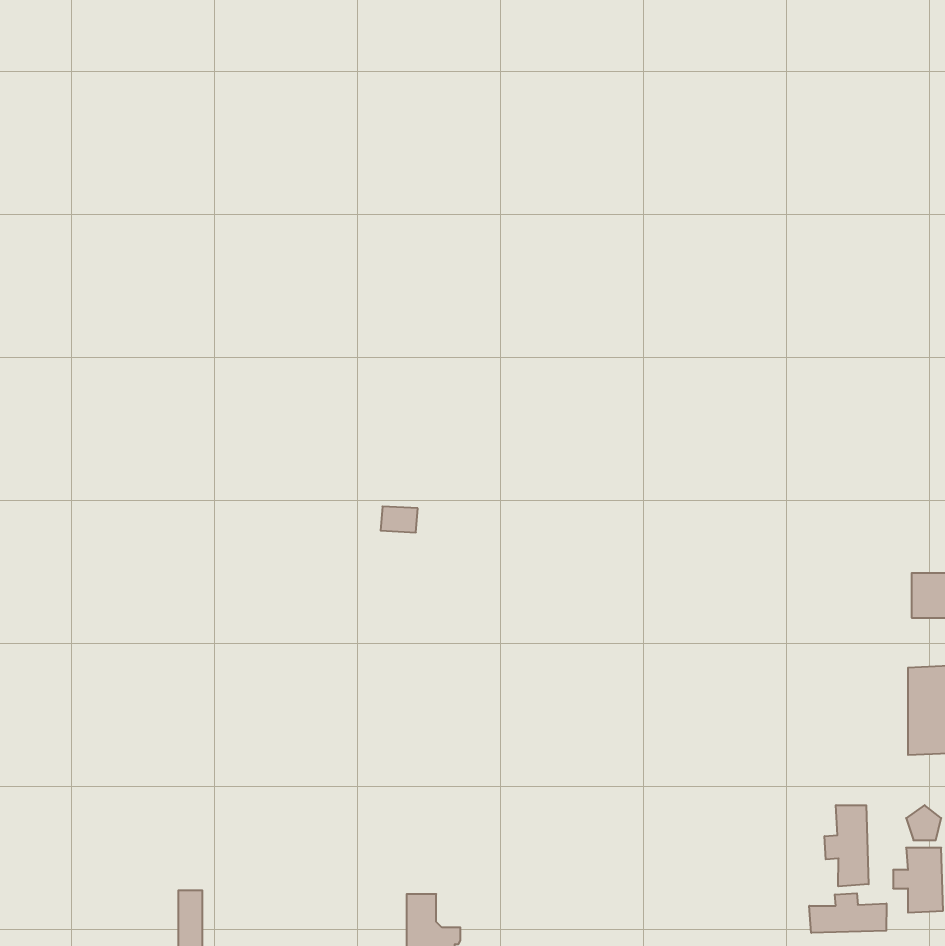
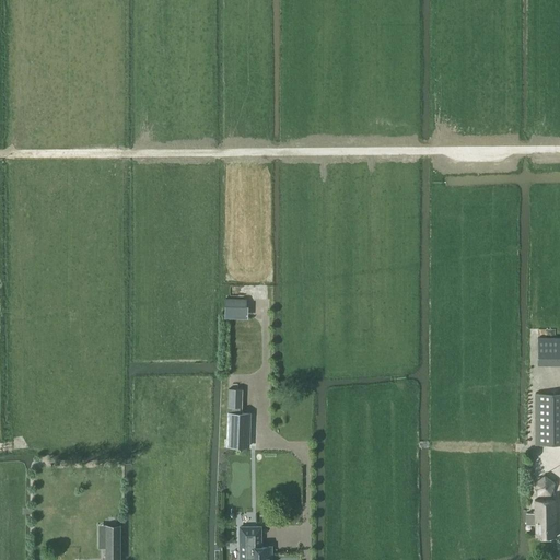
building: none -> [229,390,252,447]
building: [825,805,869,886] -> none
building: [809,893,886,933] -> none

